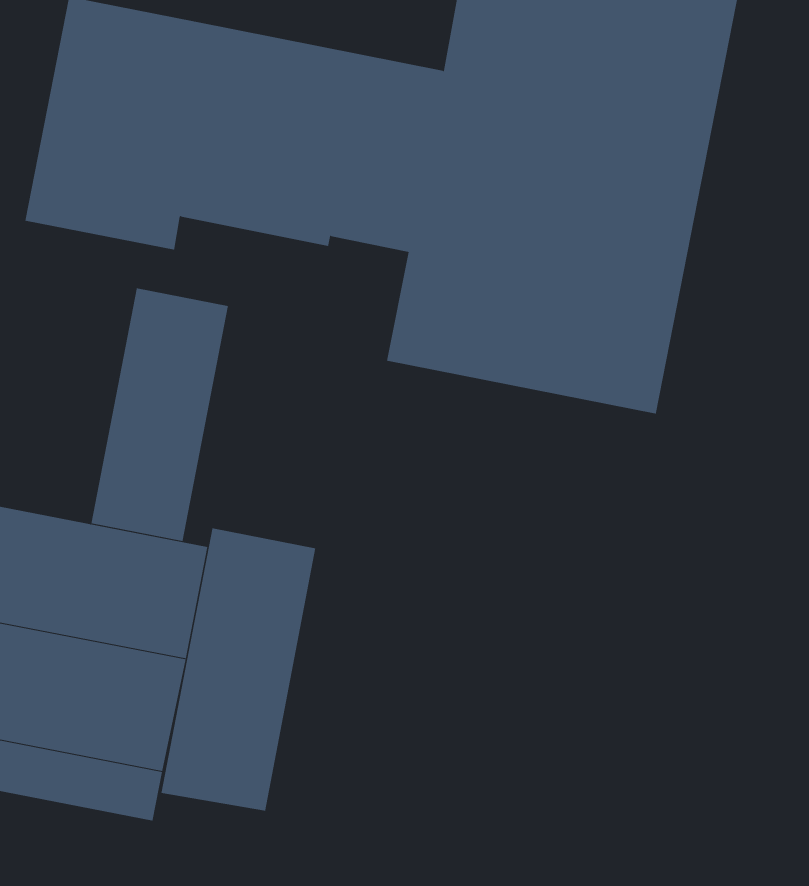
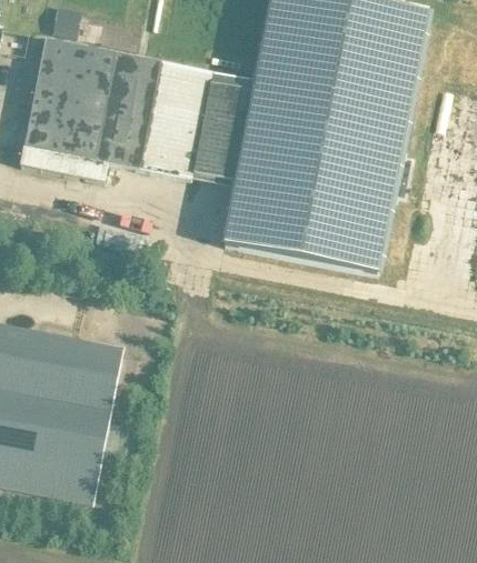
building: [91,288,228,542] -> none
building: [161,528,316,811] -> none

